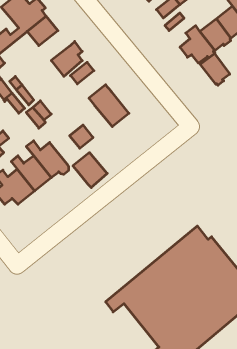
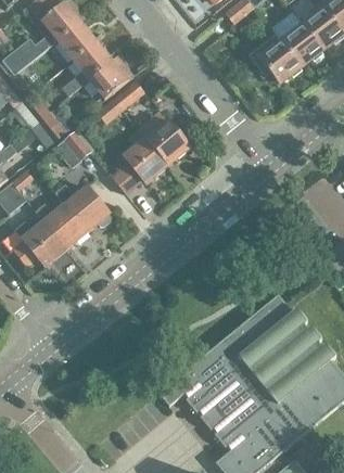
building: none -> [62,40,113,95]
building: [200,54,230,85] -> none
building: [73,153,107,188] -> [123,138,167,183]

